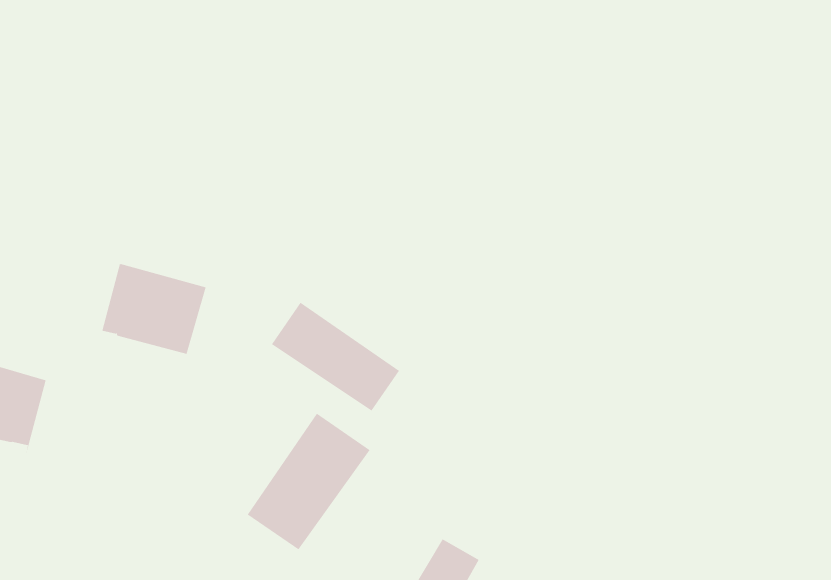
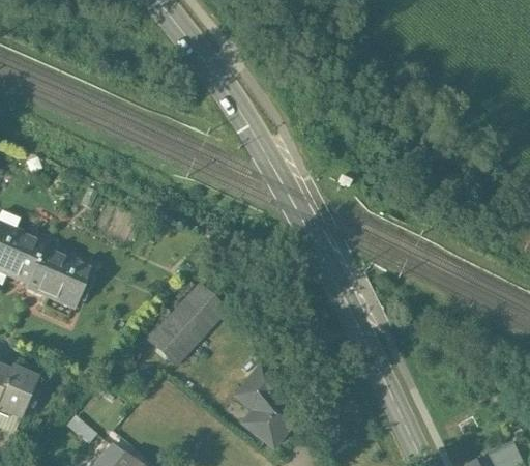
building: [101,256,206,354] -> [26,243,90,305]
building: [271,302,400,412] -> none

